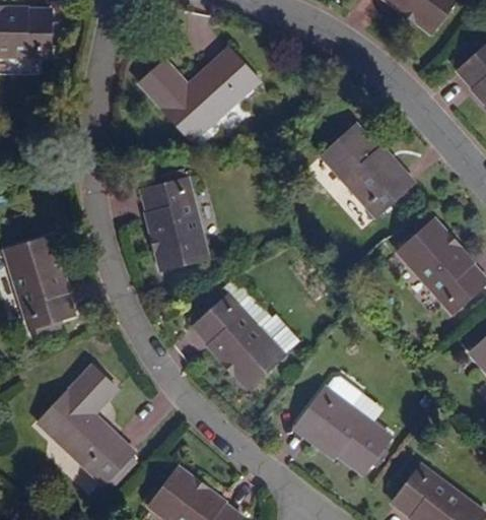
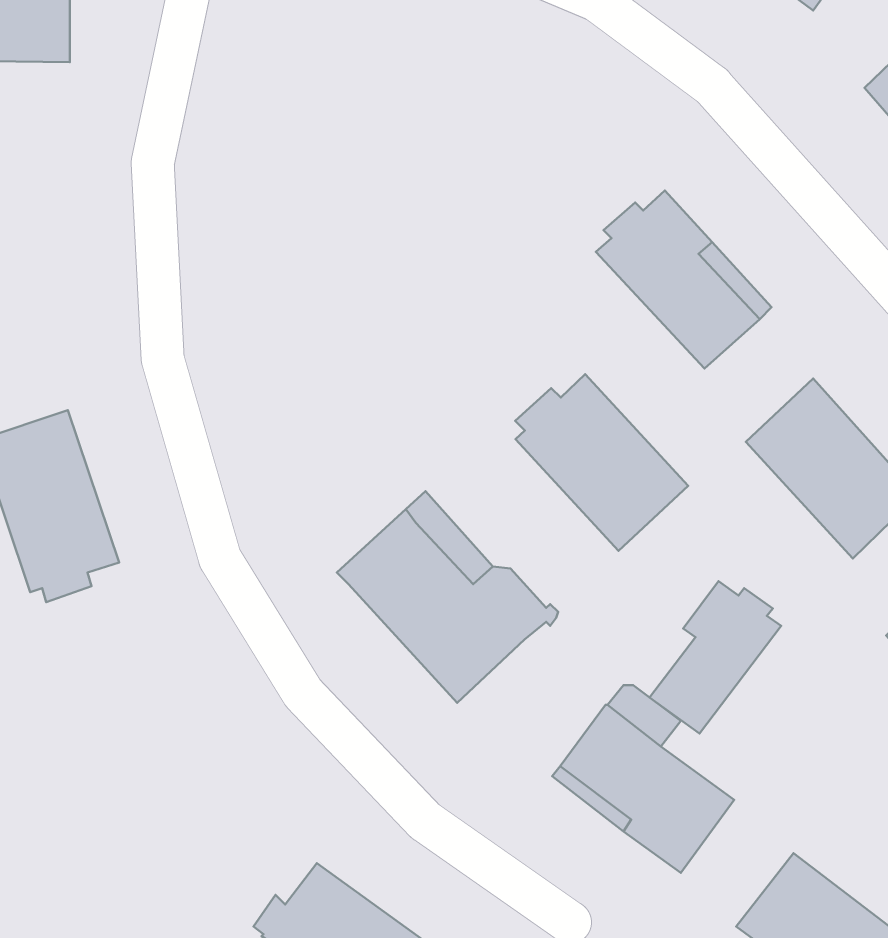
building: [138,49,259,143] -> none
building: [143,176,208,269] -> none
building: none -> [515,374,688,551]
building: none -> [650,581,781,734]
building: [39,367,134,484] -> none

